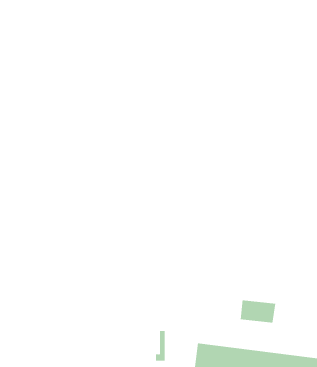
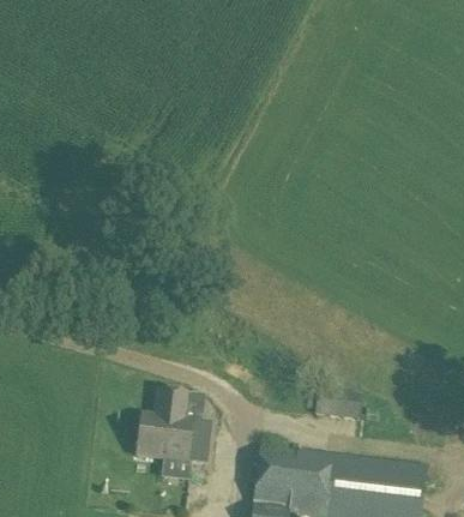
building: none -> [137,391,193,462]

